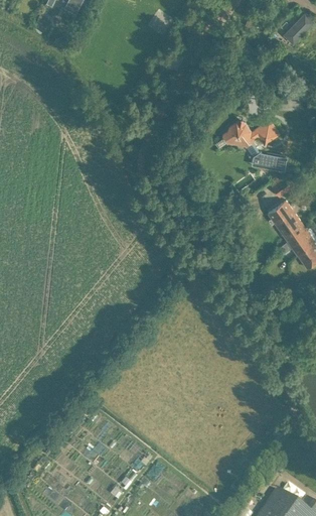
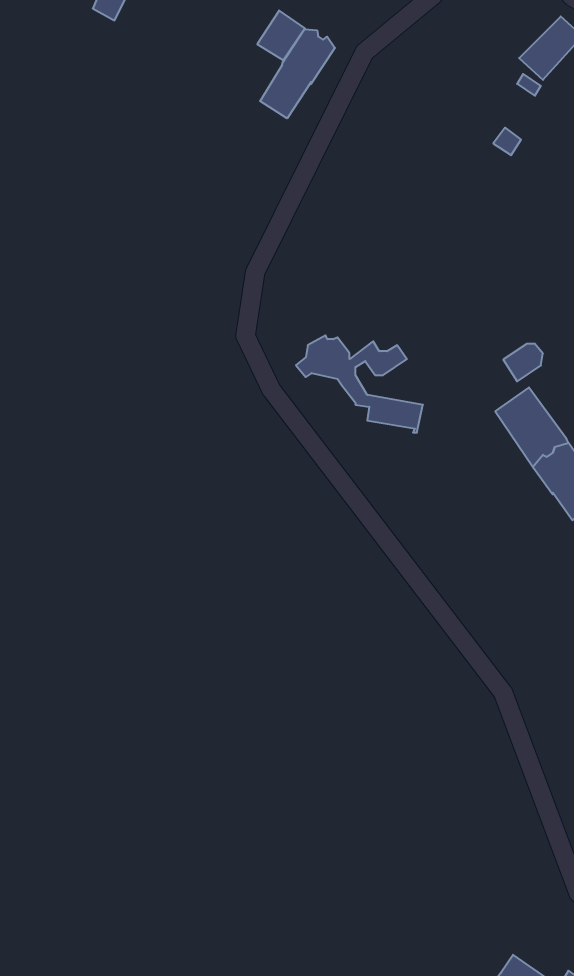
building: none -> [260,29,335,118]
building: [223,123,288,172] -> [296,335,423,433]

